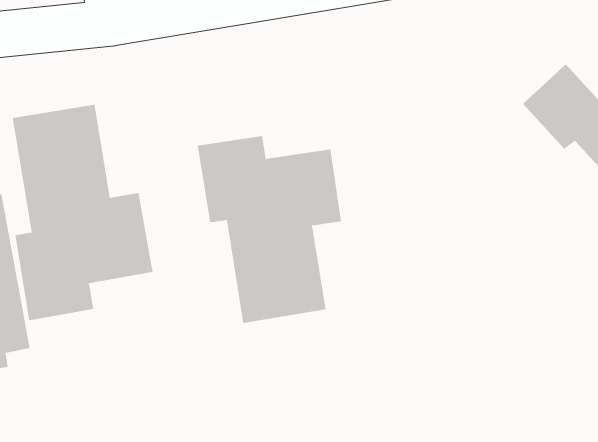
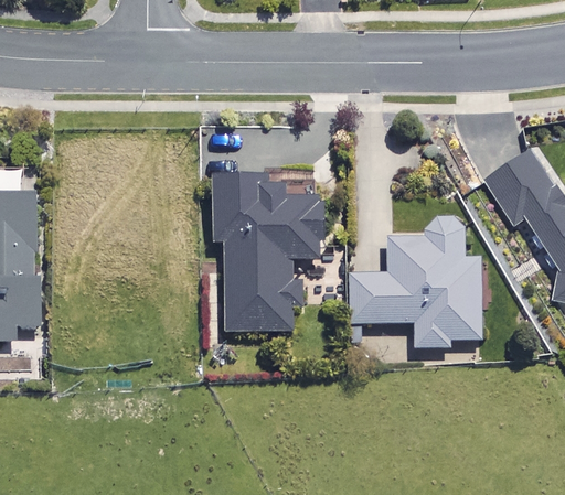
building: [12,104,153,321] -> none
building: none -> [354,217,479,346]

